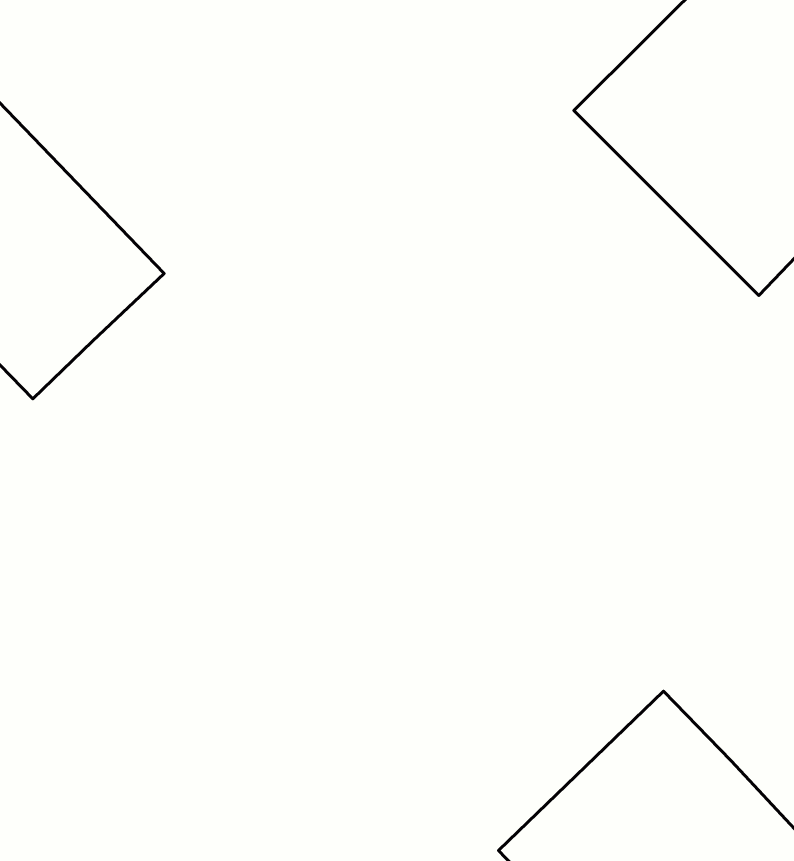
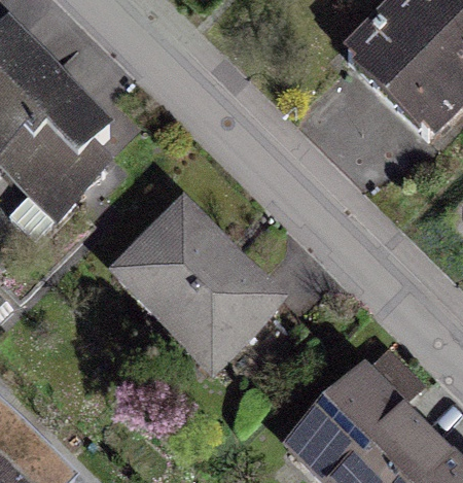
building: none -> [122,203,291,371]

